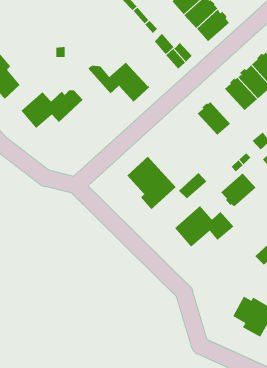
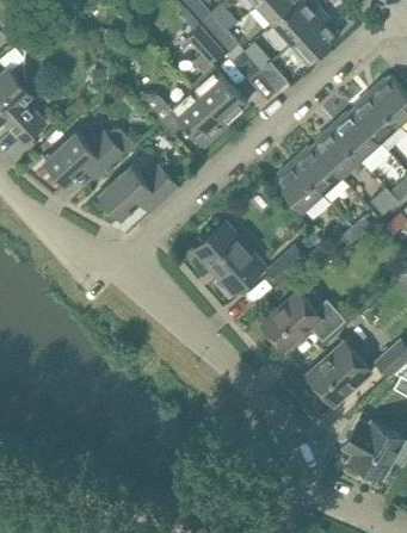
building: none -> [179,10,247,124]
building: none -> [313,129,360,178]
building: none -> [275,163,322,212]
building: none -> [100,165,179,218]
building: [220,173,257,207] -> none
building: none -> [307,342,371,407]

